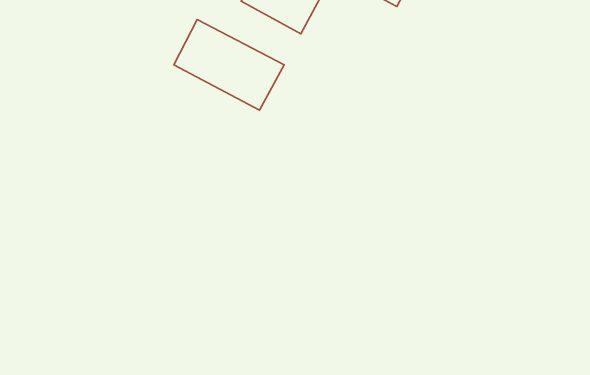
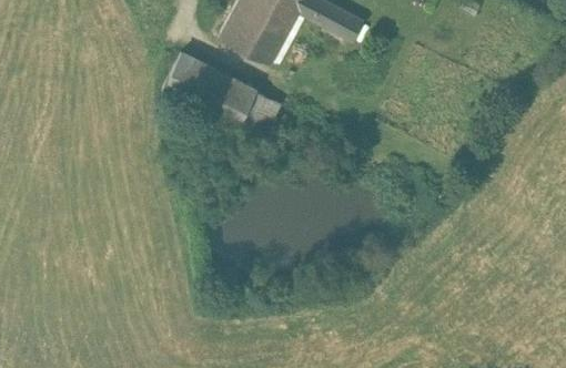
building: none -> [235,91,281,142]

